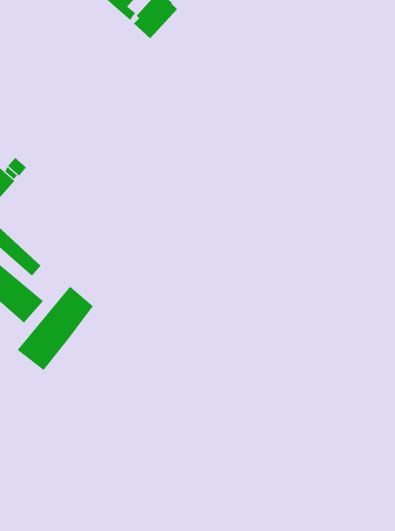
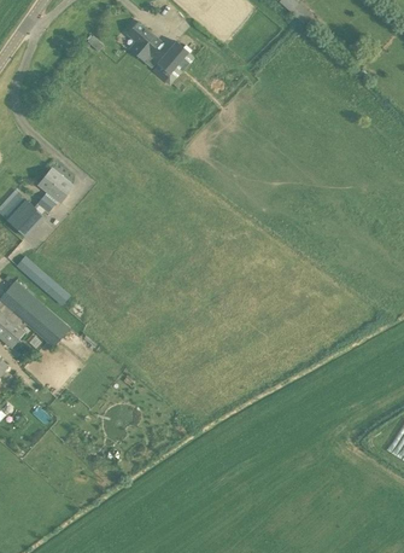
building: none -> [37,168,72,202]
building: [17,286,94,371] -> none

